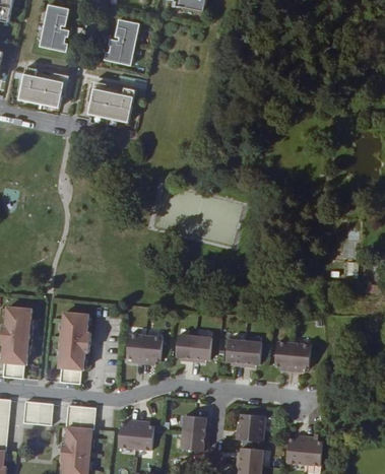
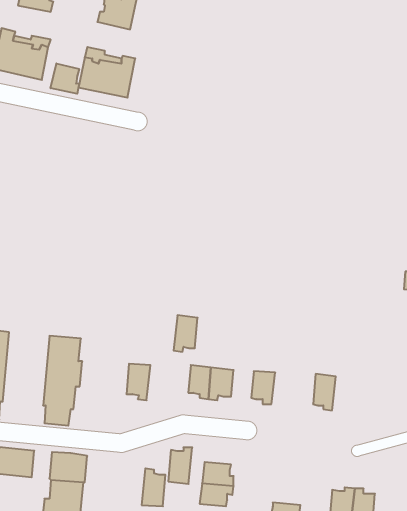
building: none -> [51,63,79,94]
building: [141,336,161,365] -> [174,315,198,352]
building: [242,342,261,368] -> none
building: [291,345,310,374] -> none
building: [238,409,268,441] -> none
building: [121,419,140,449] -> [168,447,192,484]

